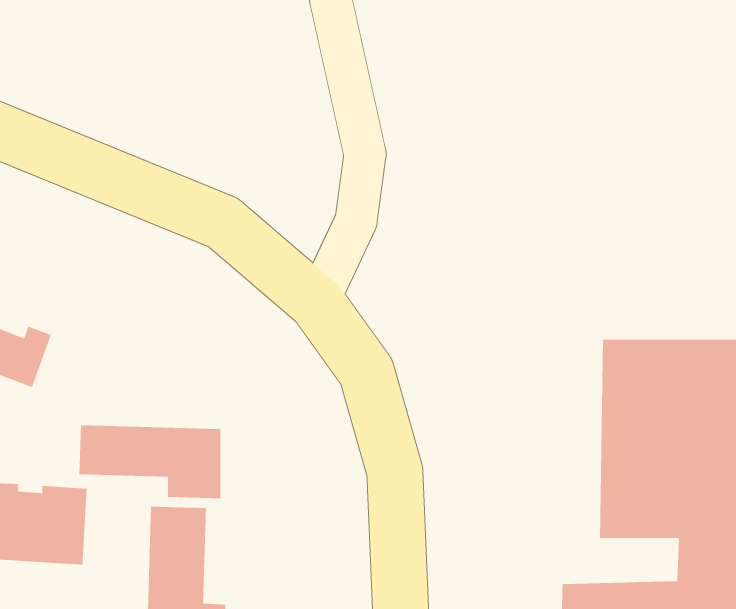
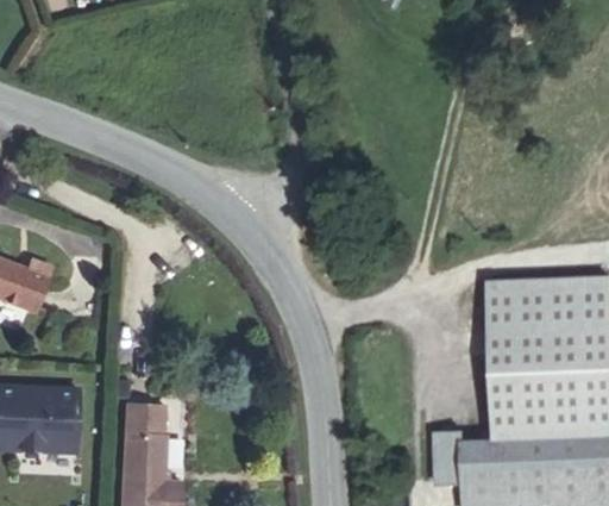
building: [79,424,221,499] -> none
building: none -> [427,413,550,469]

